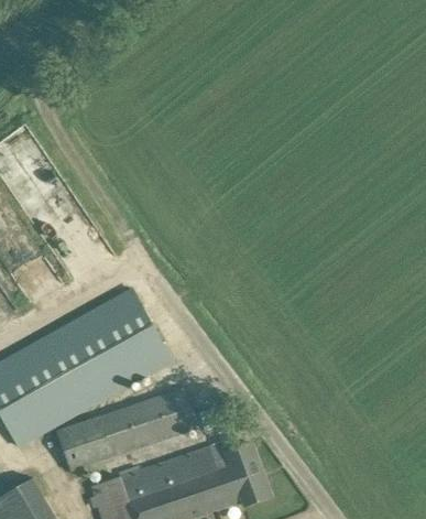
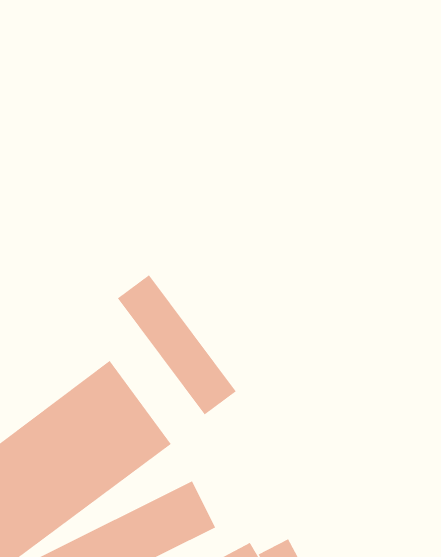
building: none -> [117,274,237,416]

